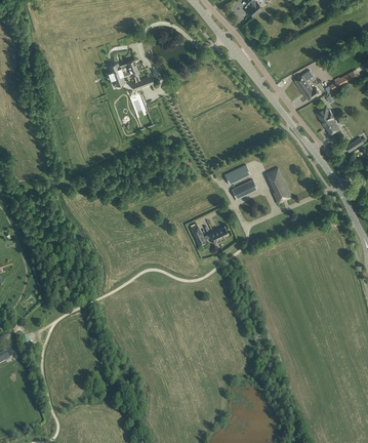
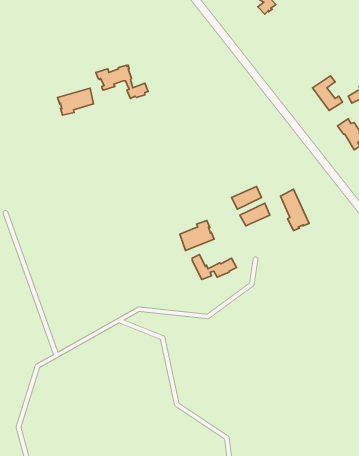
building: none -> [58,88,94,115]
building: none -> [180,221,214,250]

